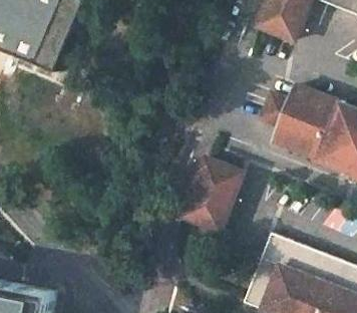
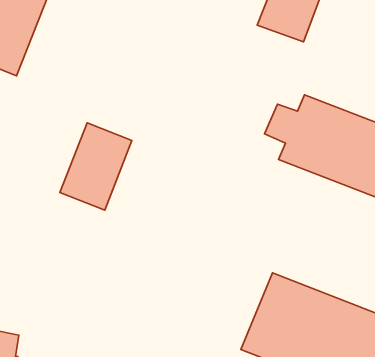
building: [183,158,244,232] -> [60,123,132,210]

